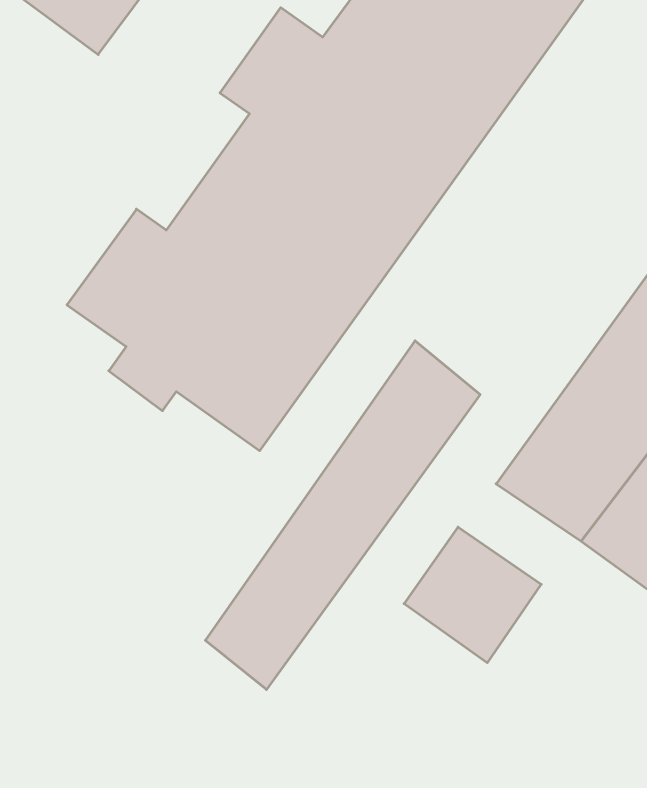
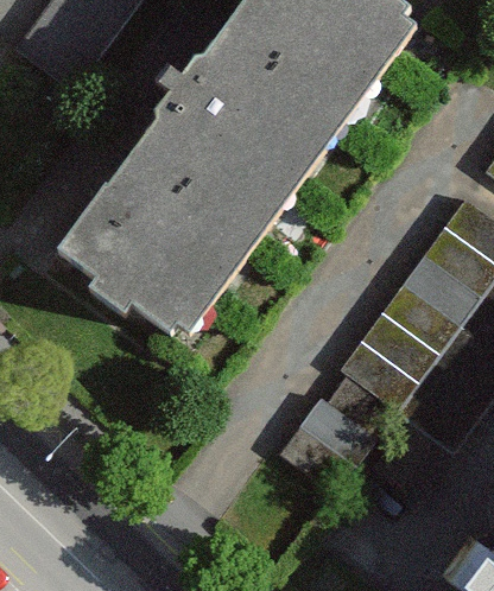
building: [205,341,480,690] -> none

